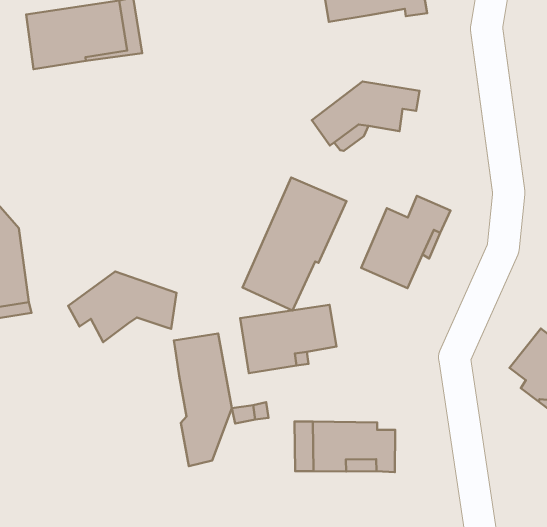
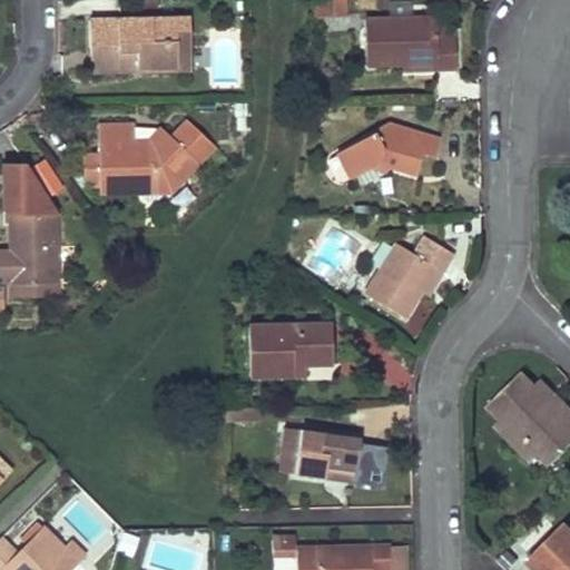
building: none -> [83,120,215,198]
building: [242,178,347,310] -> none
building: [68,272,176,342] -> none
building: [174,333,232,466] -> none

